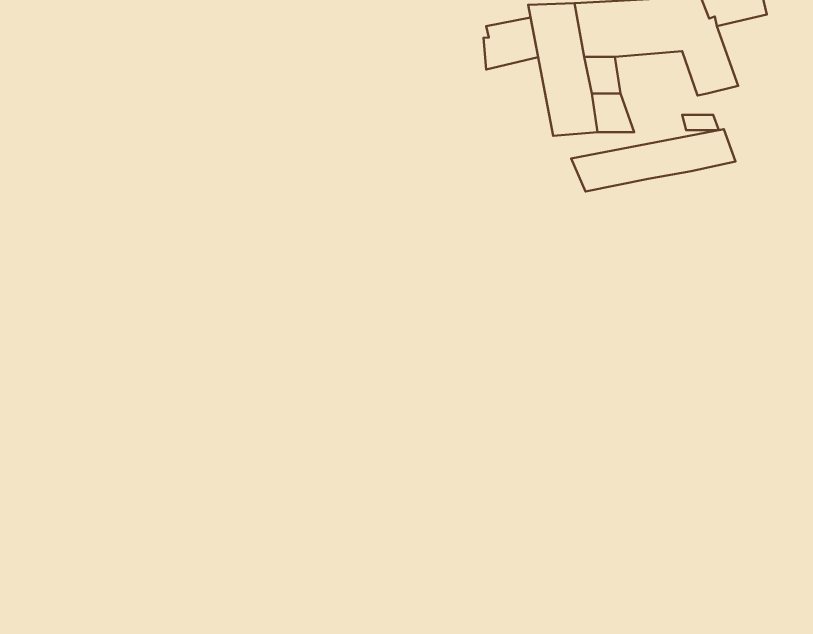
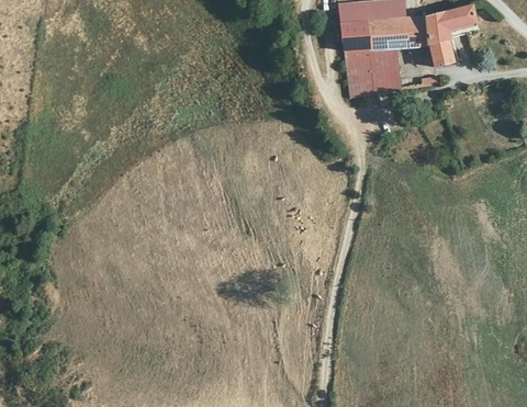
building: [483,18,538,70] -> none
building: [571,129,736,191] -> none

